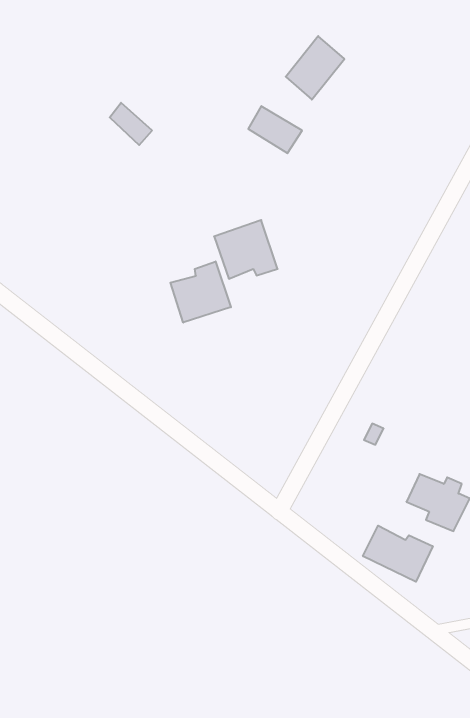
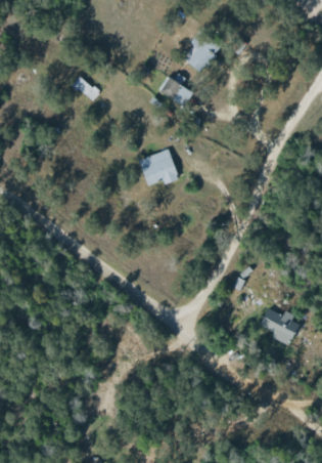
building: [170,261,231,323] -> none
building: [363,526,433,582] -> none

